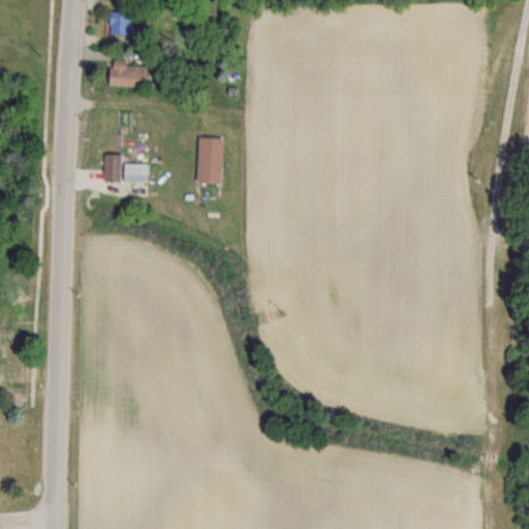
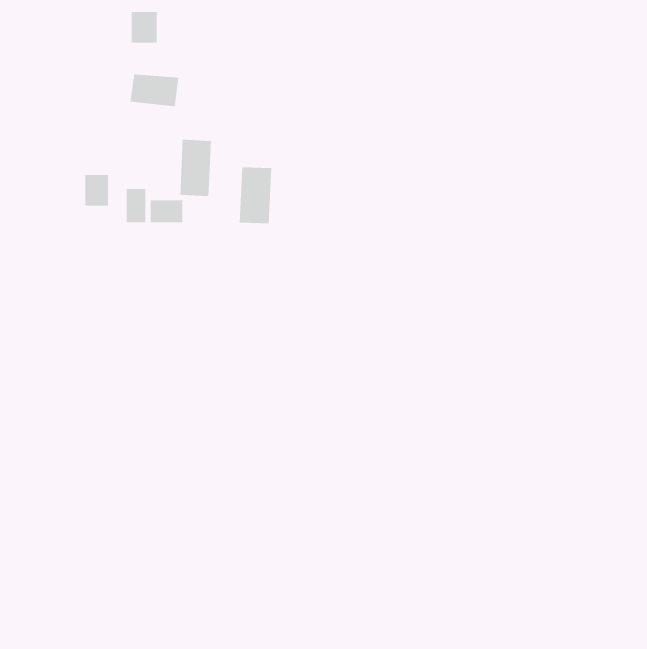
building: none -> [180,139,211,197]
building: none -> [85,174,108,206]

